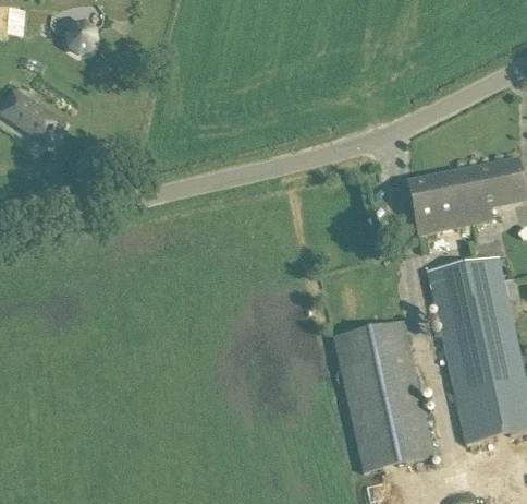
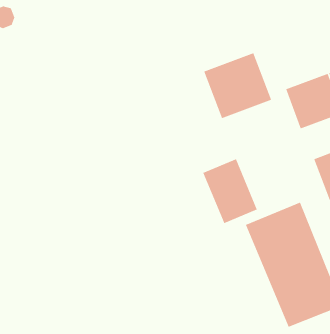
building: none -> [203,52,272,119]
building: none -> [202,158,258,224]

